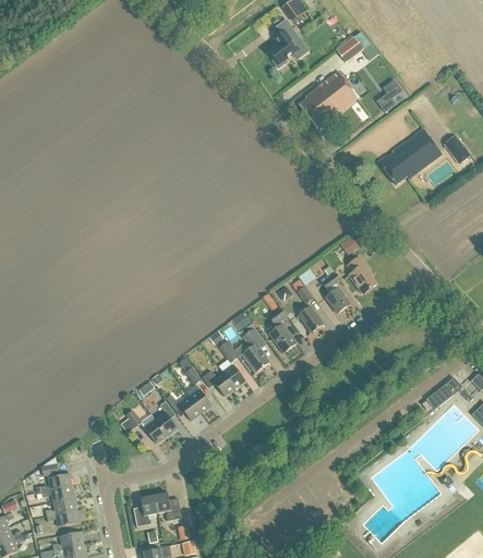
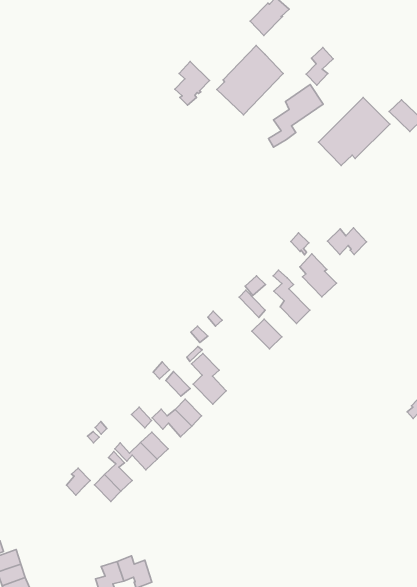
building: [269,31,300,68] -> [175,62,209,105]
building: none -> [268,84,323,147]
building: none -> [327,228,367,254]
building: [268,307,297,353] -> none

